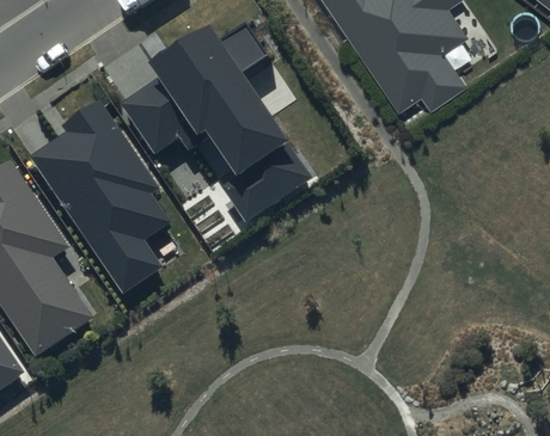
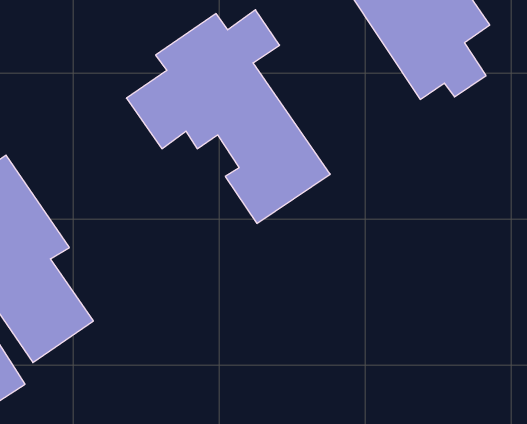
building: [30,102,172,293] -> none

